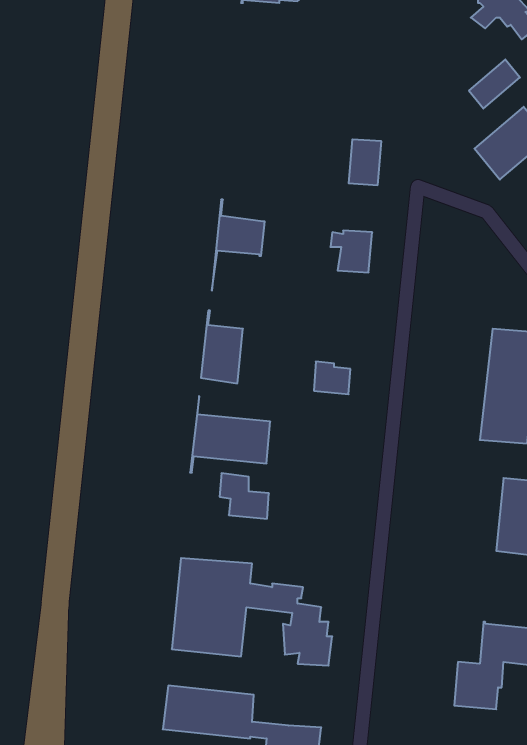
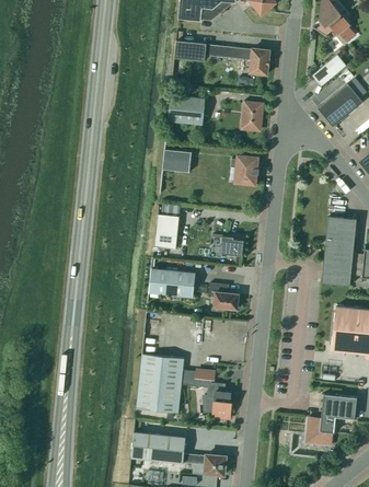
building: none -> [174,30,269,74]
building: none -> [166,84,205,128]
building: [220,473,269,519] -> [208,282,238,310]

